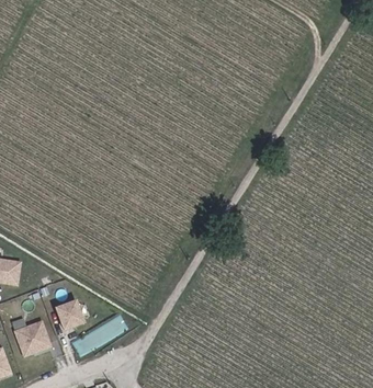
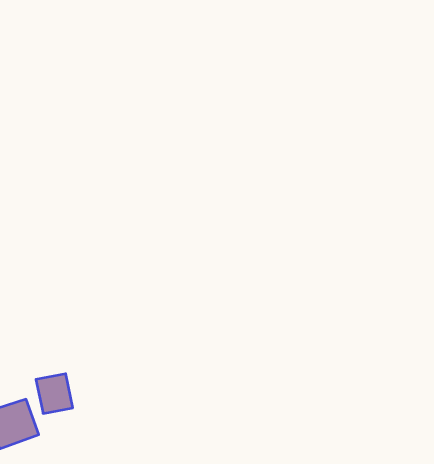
building: [79,313,132,353] -> none

